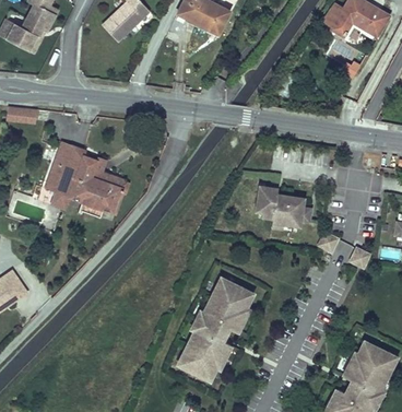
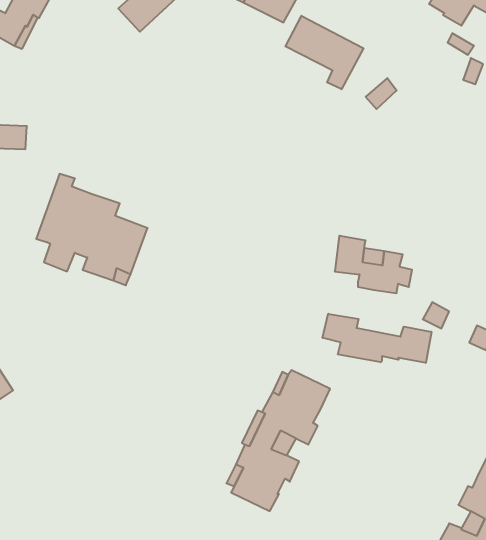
building: none -> [285,16,363,89]
building: none -> [323,314,431,363]

